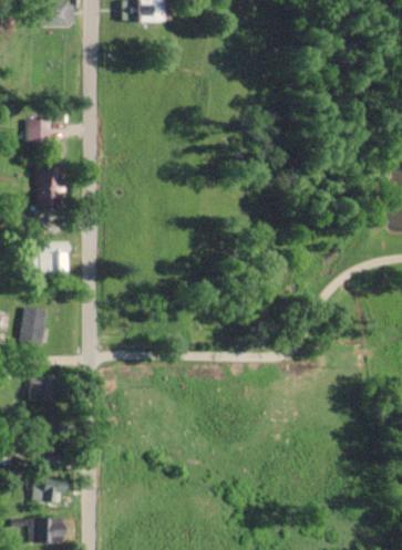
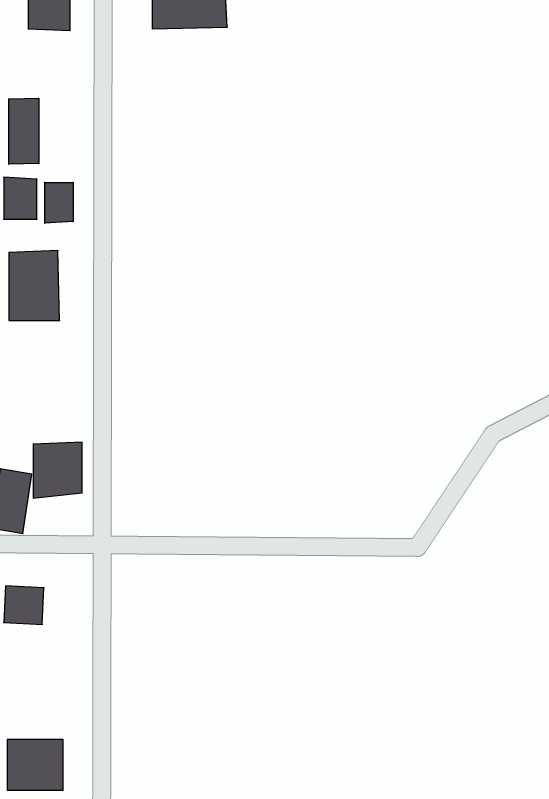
building: none -> [9,98,39,164]
building: none -> [45,182,73,223]
building: [39,242,70,278] -> [33,442,82,498]

